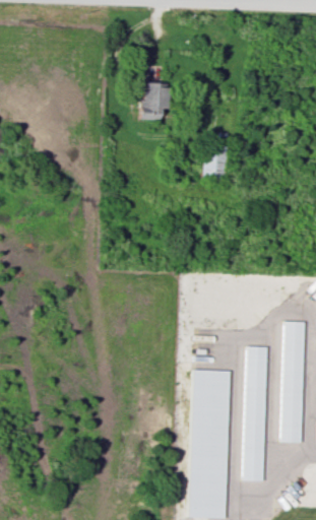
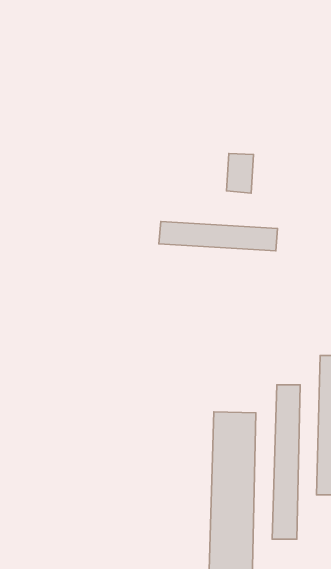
building: [142,82,166,120] -> none
building: none -> [159,222,278,251]

